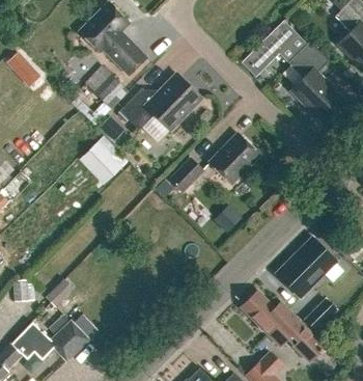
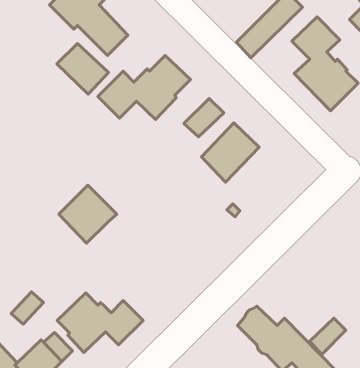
building: [80,135,130,185] -> [59,185,117,243]
building: [169,158,203,191] -> [184,98,224,137]
building: [276,236,337,297] -> none
building: none -> [57,293,143,352]

